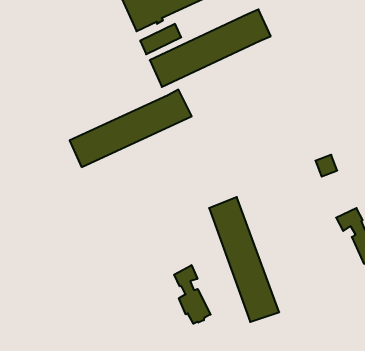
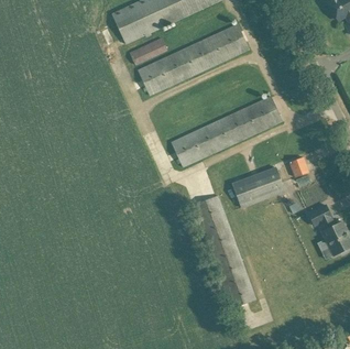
building: [70,90,192,167] -> [172,95,283,165]
building: none -> [233,166,285,207]
building: [174,265,211,324] -> none

